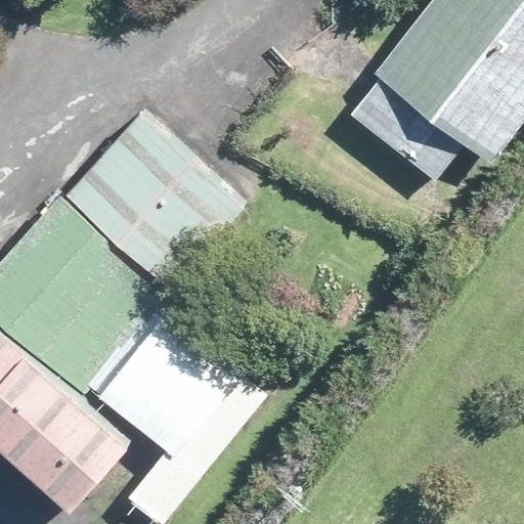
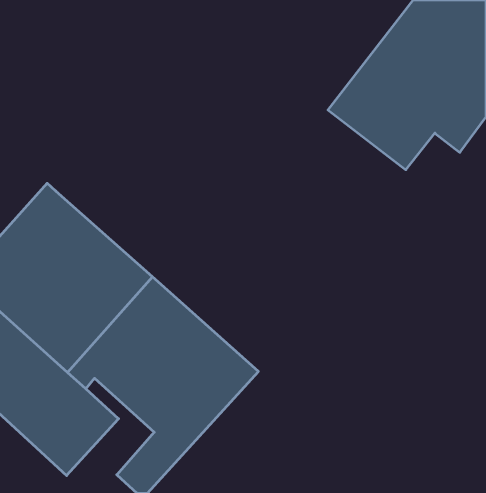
building: [59,107,252,299] -> none

